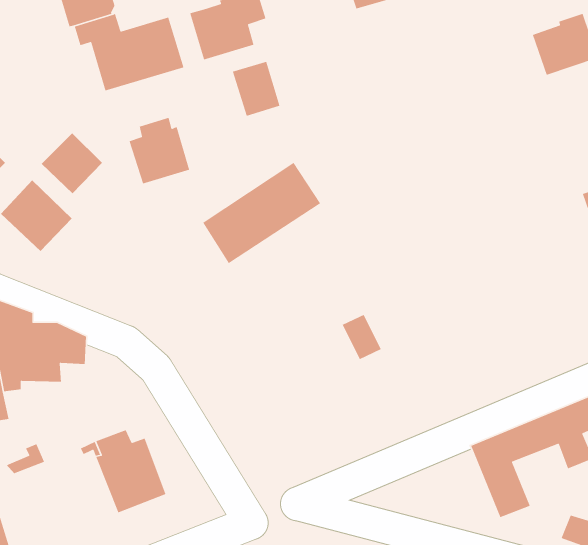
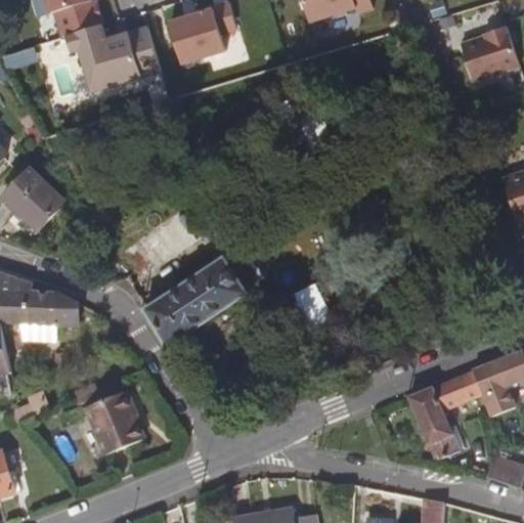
building: [232,61,280,117] -> none
building: [129,117,190,184] -> none
building: [41,132,103,194] -> none
building: [202,162,321,264] -> [144,257,247,345]

